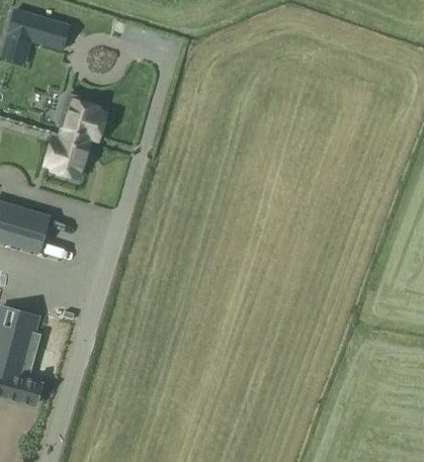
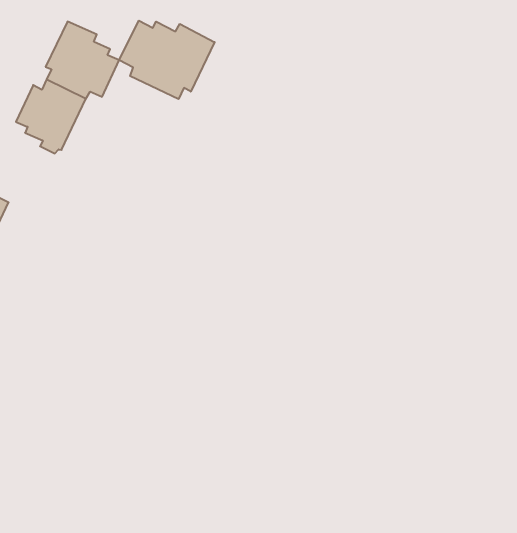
building: none -> [119,21,215,99]

